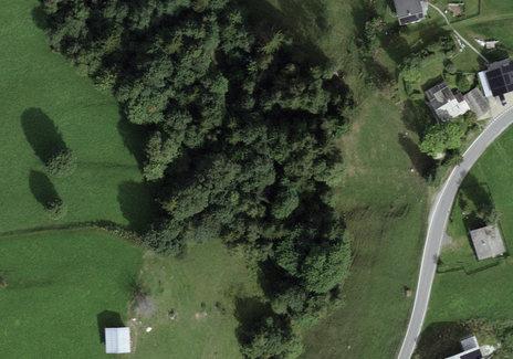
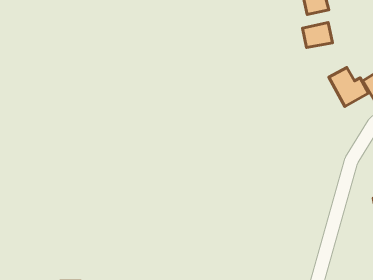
building: none -> [302,23,332,48]

